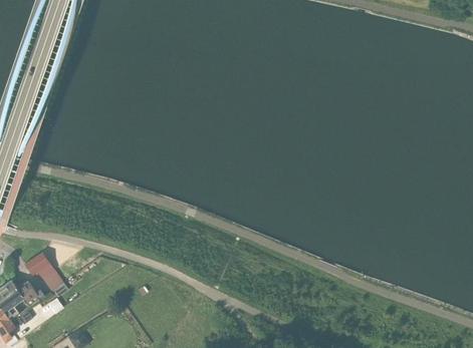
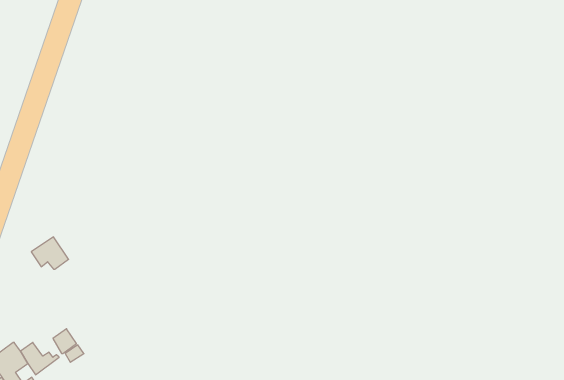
building: [24,252,54,278] -> [31,237,69,269]

